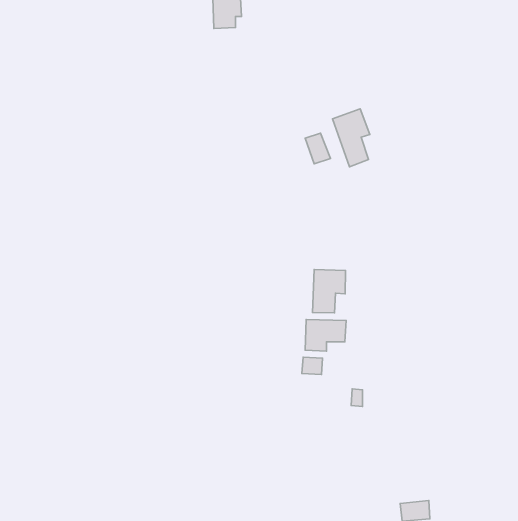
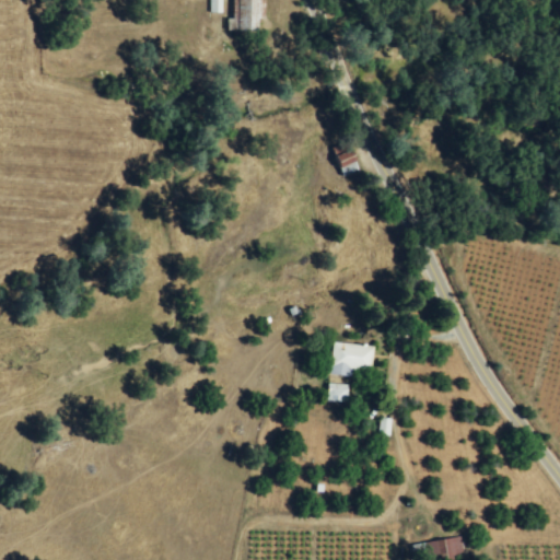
building: [332,109,370,167] -> none
building: [312,269,345,313] -> none

